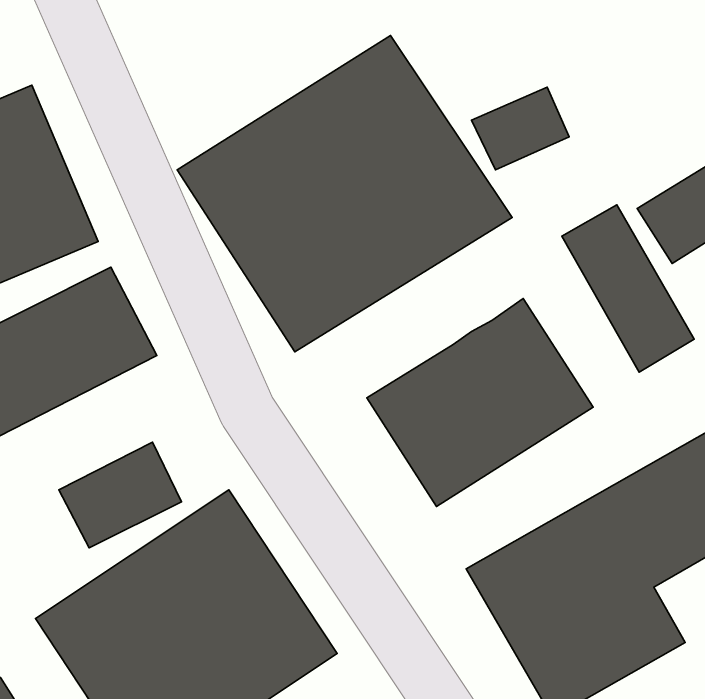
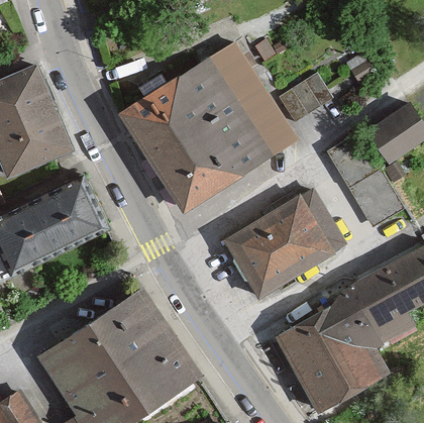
building: [59,442,182,548] -> none

